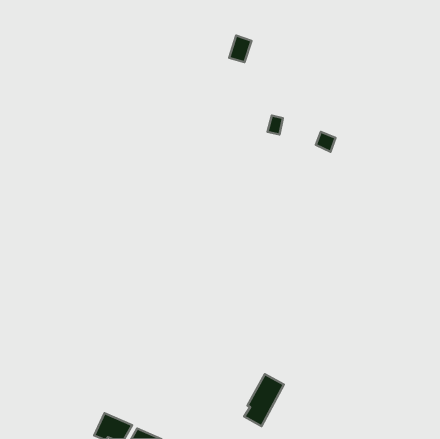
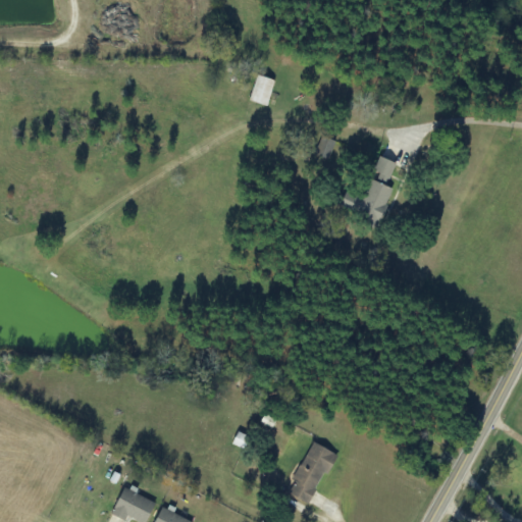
building: [229,36,252,62] -> [250,74,276,106]
building: none -> [342,179,393,220]

